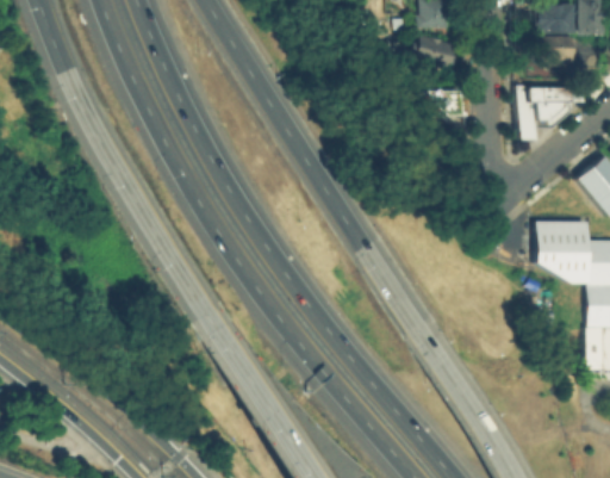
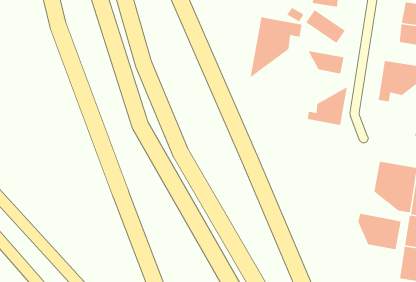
building: none -> [249,17,303,79]
building: none -> [307,86,348,126]
building: none -> [358,213,401,250]

